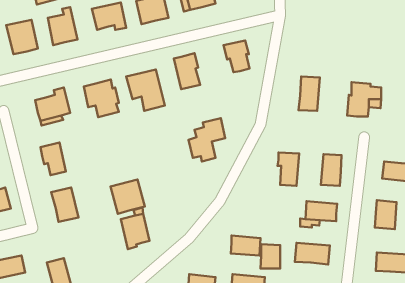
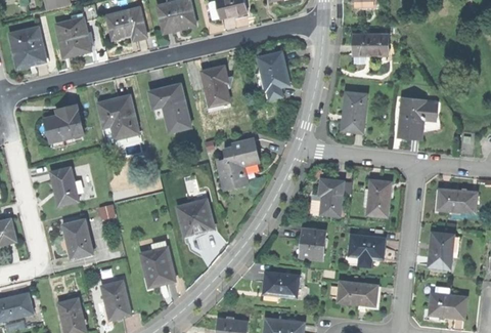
building: none -> [352,36,388,56]
building: [110,179,145,214] -> [177,199,216,238]
building: none -> [100,281,131,319]
building: [260,244,280,268] -> [299,232,321,259]

